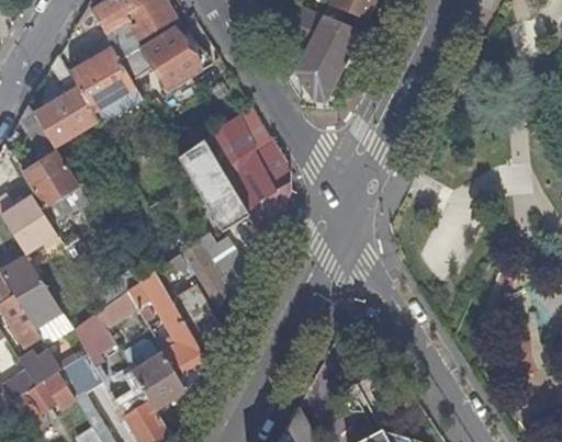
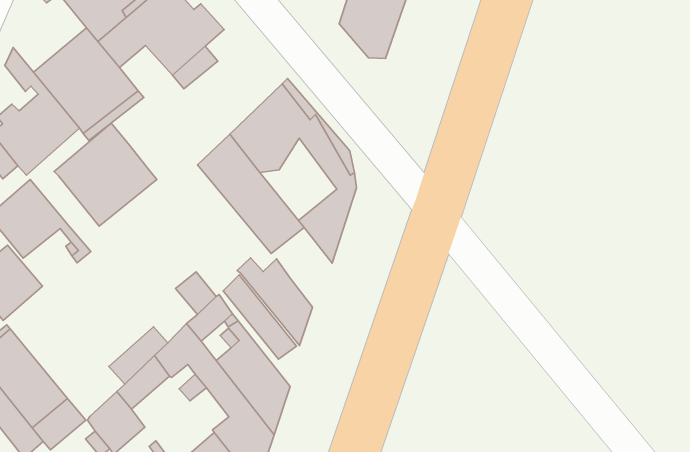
building: none -> [54,123,157,226]
building: [222,149,276,208] -> none

